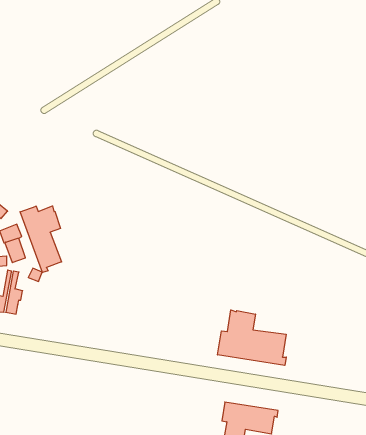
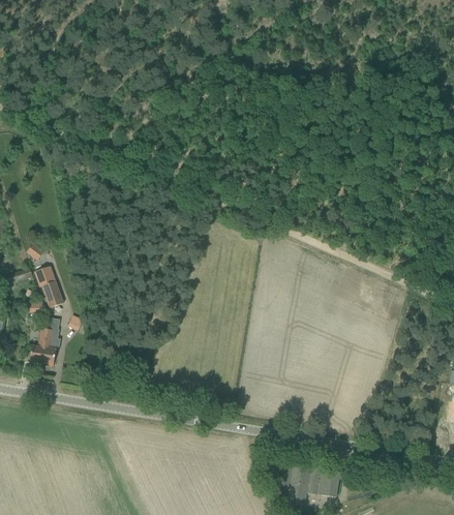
building: [20,206,62,273] -> none
building: [218,310,286,365] -> none

